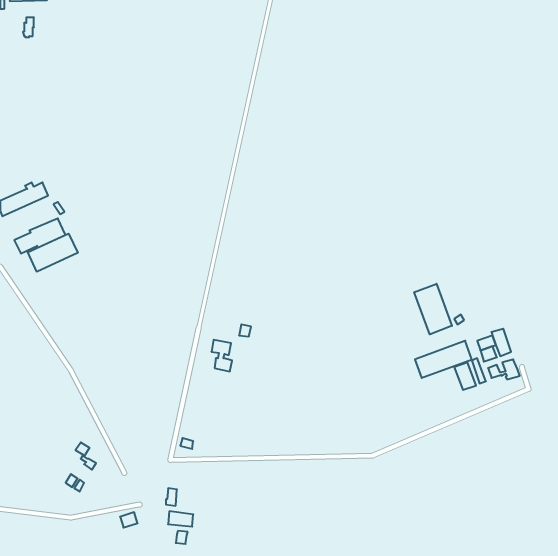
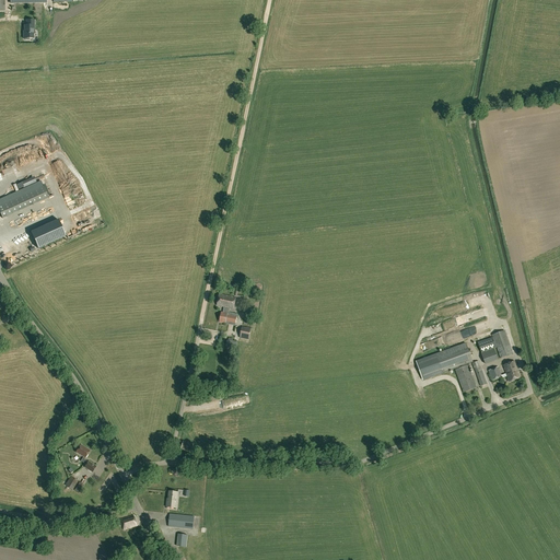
building: [28,234,78,272] -> none
building: [414,284,452,334] -> none
building: [211,340,232,371] -> [217,292,237,324]

